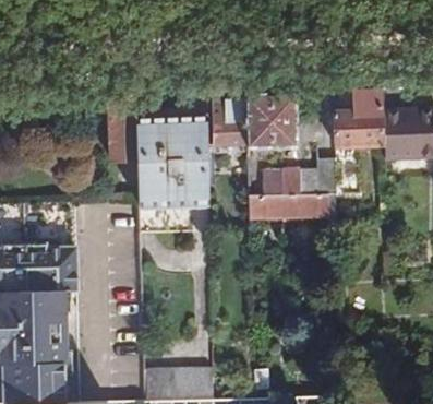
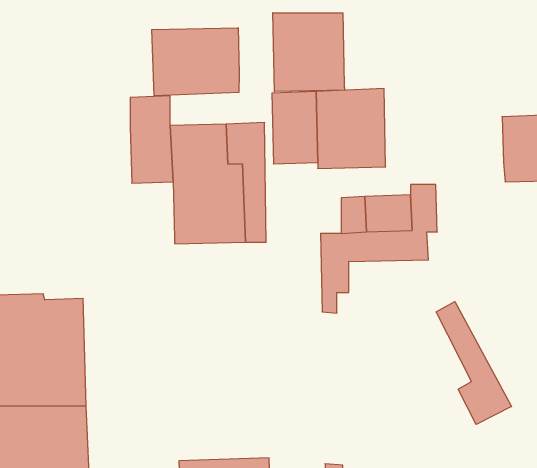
building: none -> [273,13,345,92]
building: none -> [152,28,239,96]
building: [332,91,383,147] -> none
building: none -> [436,302,512,424]

